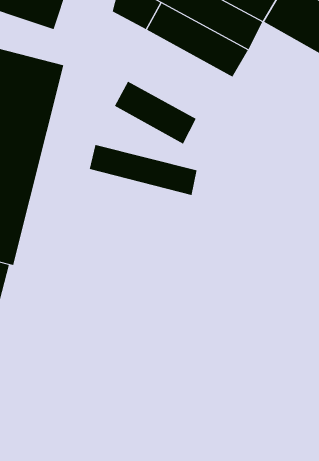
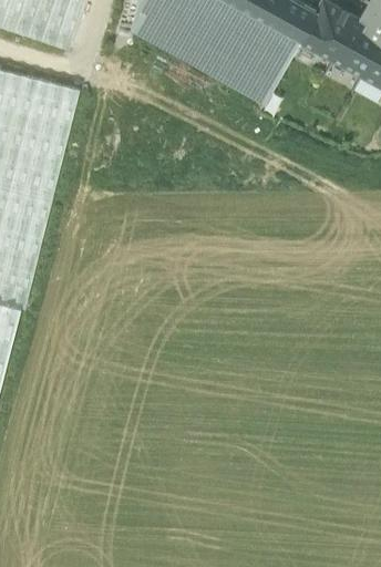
building: [114,81,197,145] -> none
building: [89,144,197,196] -> none

